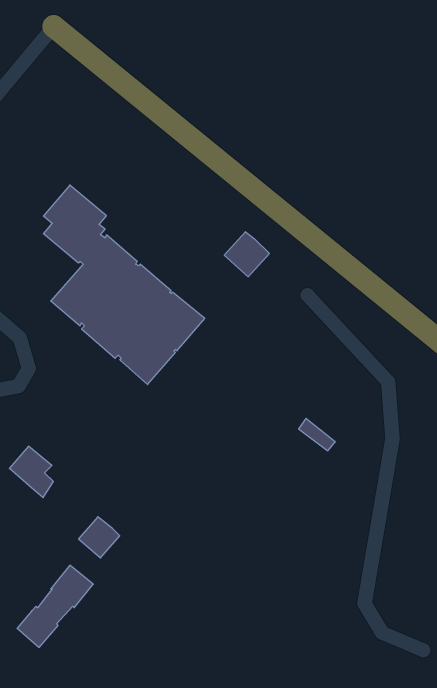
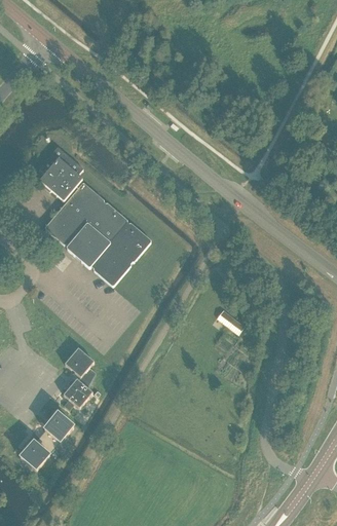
building: [224,232,269,277] -> none
building: [9,446,53,498] -> [64,347,95,383]

